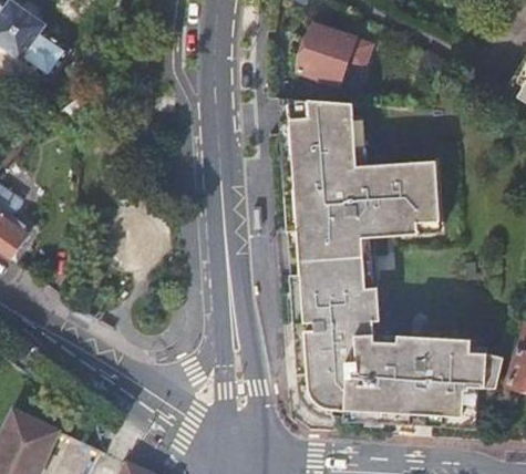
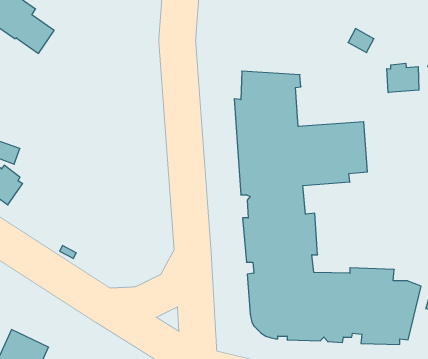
building: [299,24,357,83] -> none
building: none -> [387,63,419,93]

